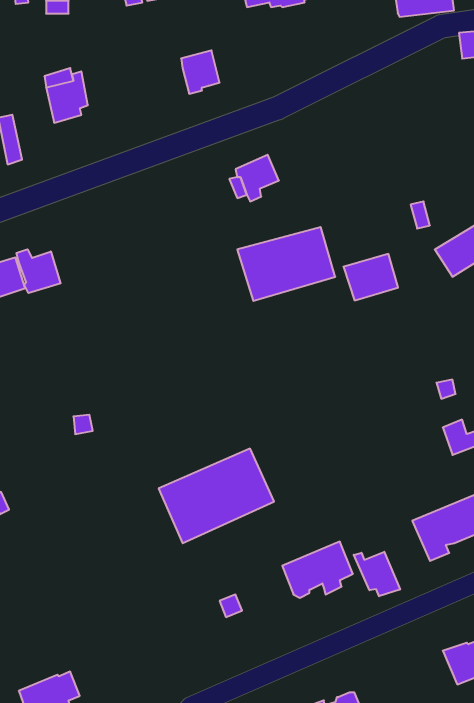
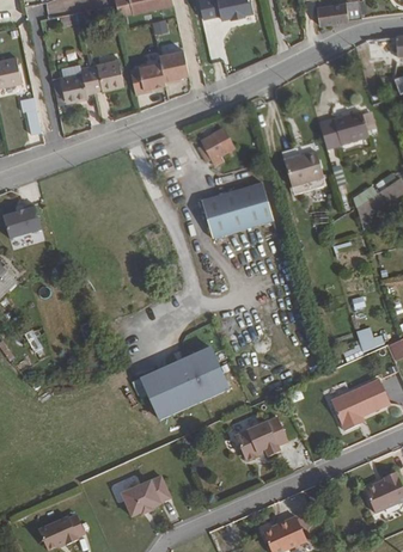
building: none -> [85,59,122,91]
building: none -> [129,63,165,94]
building: none -> [319,108,368,146]
building: [16,249,61,293] -> none
building: [343,254,398,300] -> [285,149,325,184]
building: [354,552,400,596] -> none
building: none -> [121,476,169,515]

